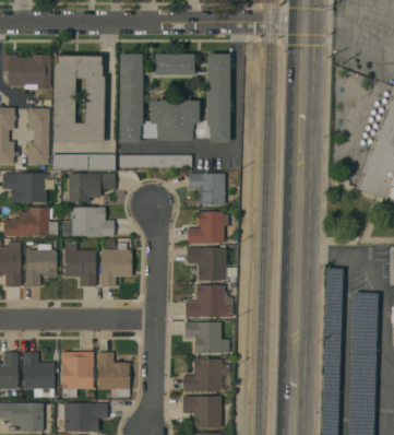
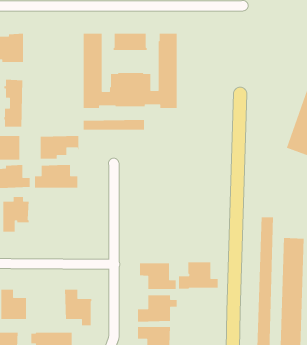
building: [53,55,104,142] -> none
building: [50,154,115,171] -> none
building: [188,173,224,204] -> none
building: [187,211,228,243] -> none
building: [64,240,96,285] -> none
building: [100,243,132,286] -> none
building: [187,247,226,280] -> none
building: [186,284,232,317] -> [178,261,218,289]
building: [61,351,94,397] -> none

